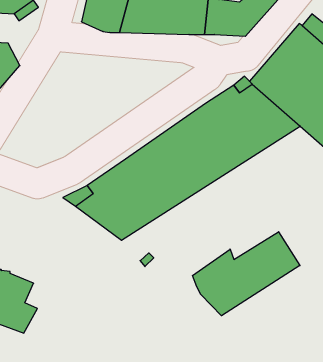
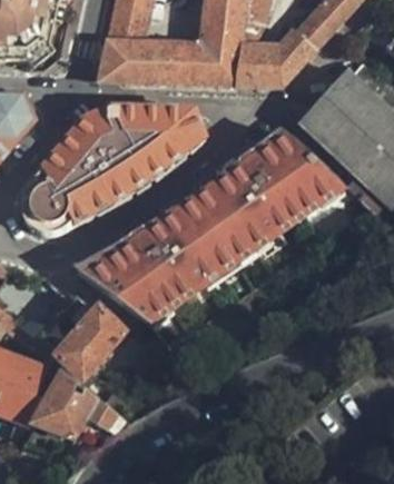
building: none -> [26,108,209,223]
building: none -> [39,294,126,378]
building: [193,232,300,316] -> none
building: none -> [32,372,125,438]

